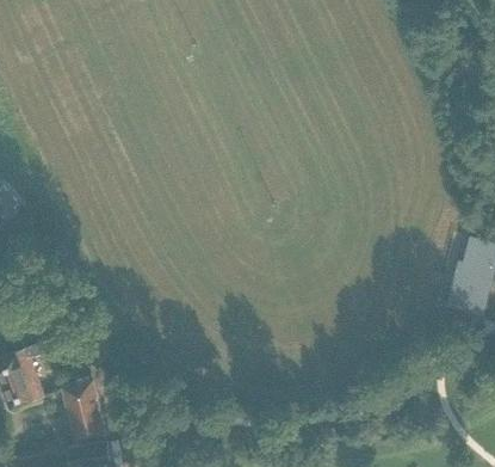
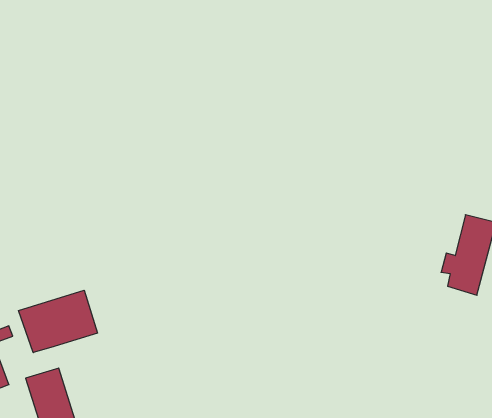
building: none -> [19,290,98,353]

